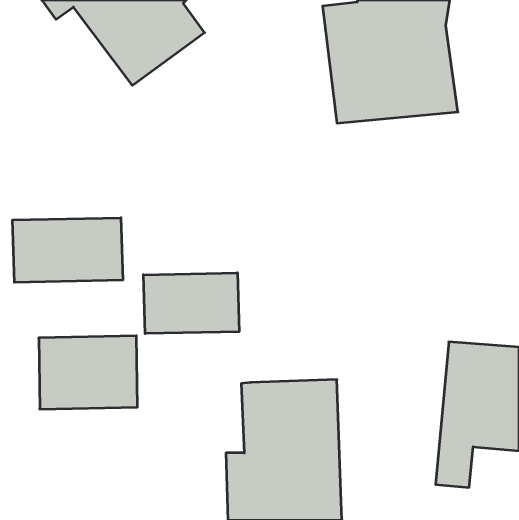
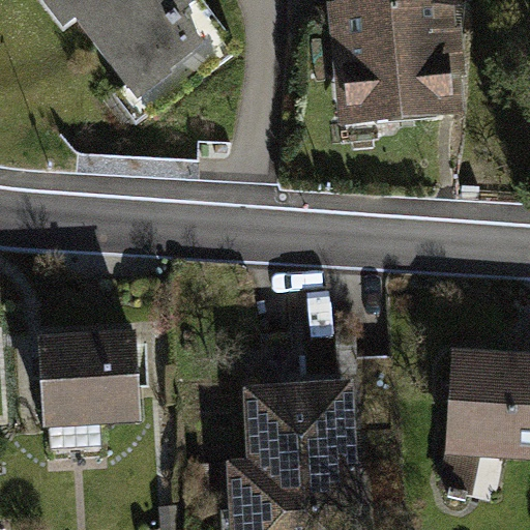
building: [13,218,123,282] -> none
building: [143,273,239,334] -> none

